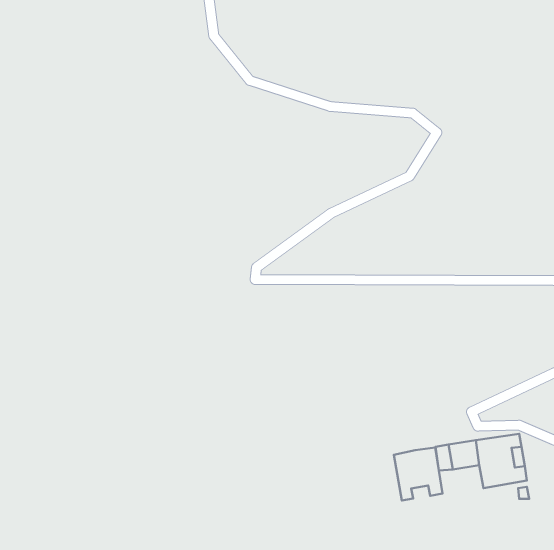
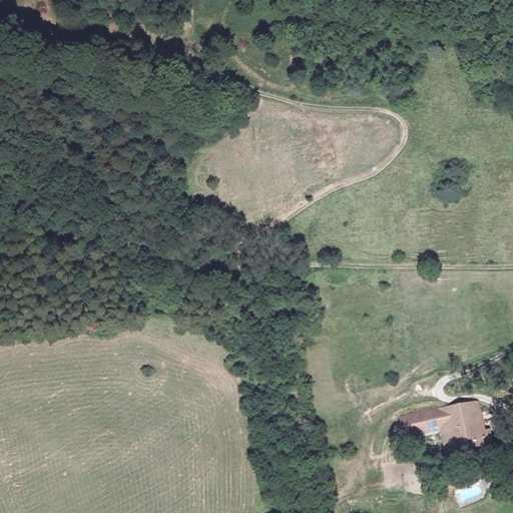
building: [394,448,443,501] -> none

